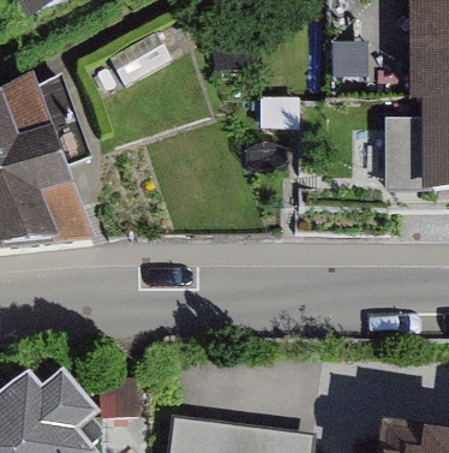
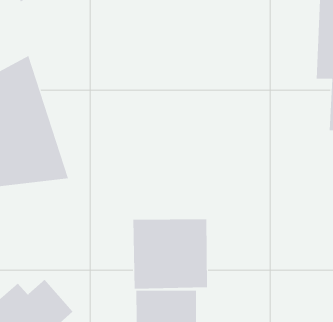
building: none -> [133,219,207,290]

